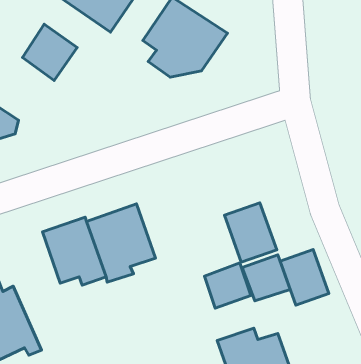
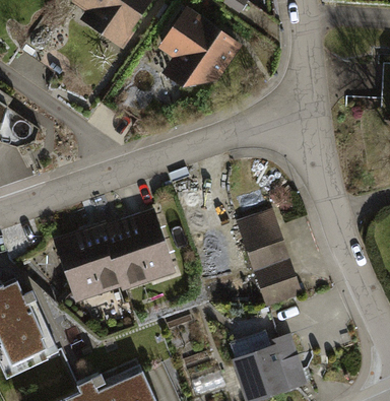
building: [22,24,77,80] -> none
building: [280,249,329,305] -> none
building: [205,263,251,308] -> none

